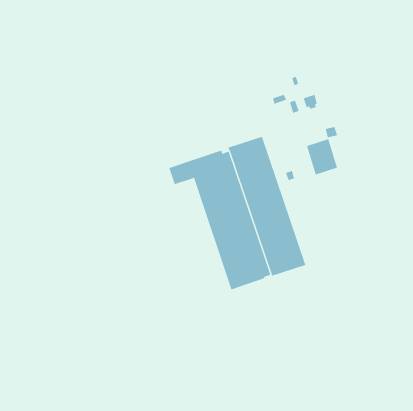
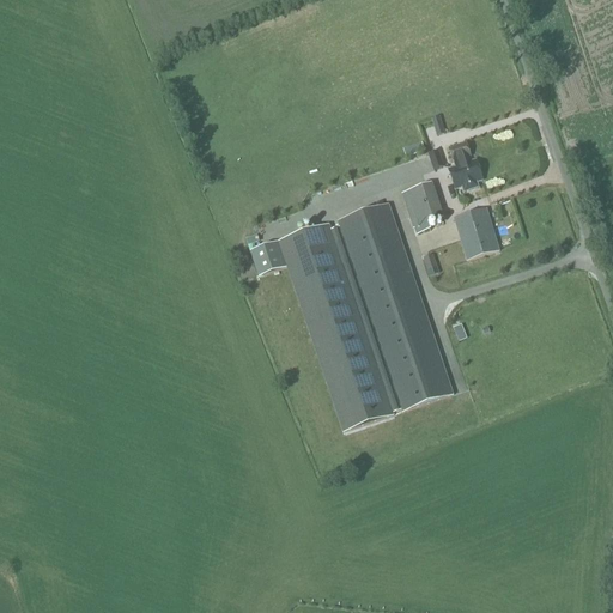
building: none -> [448,157,481,186]
building: none -> [401,180,443,231]

